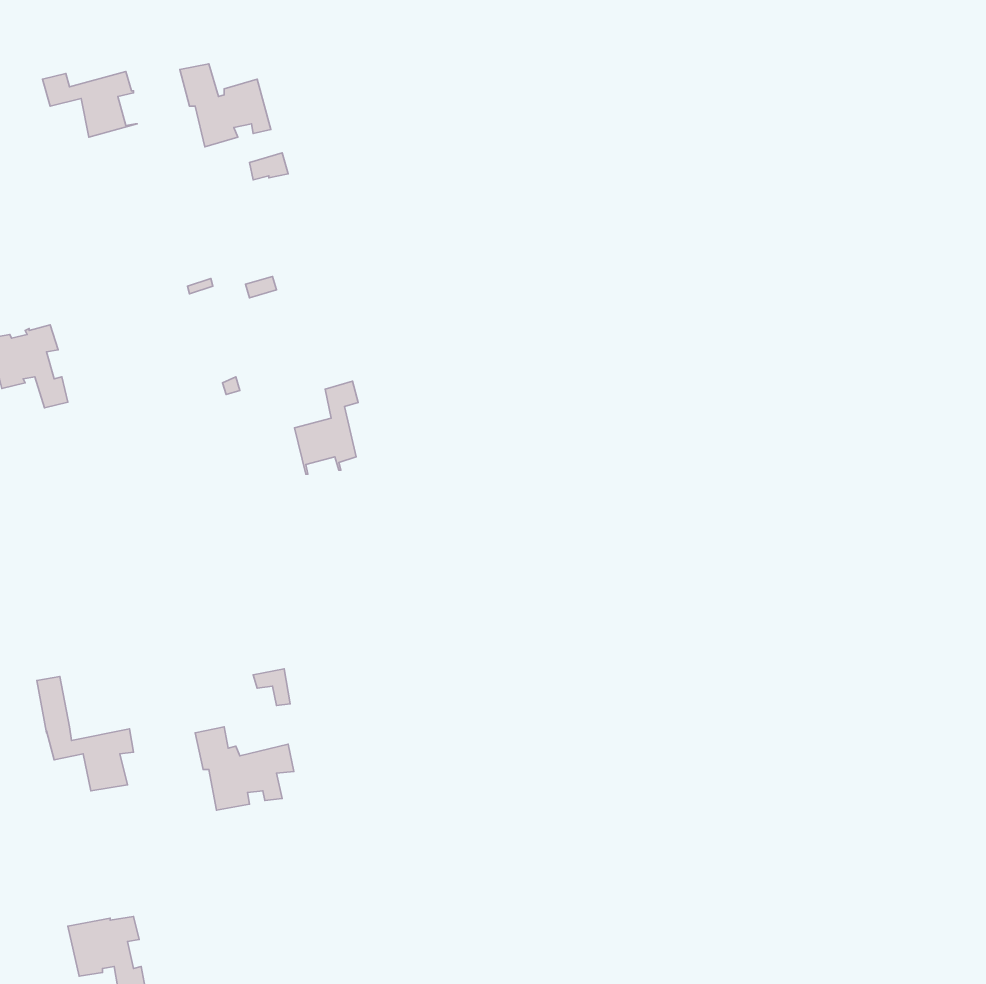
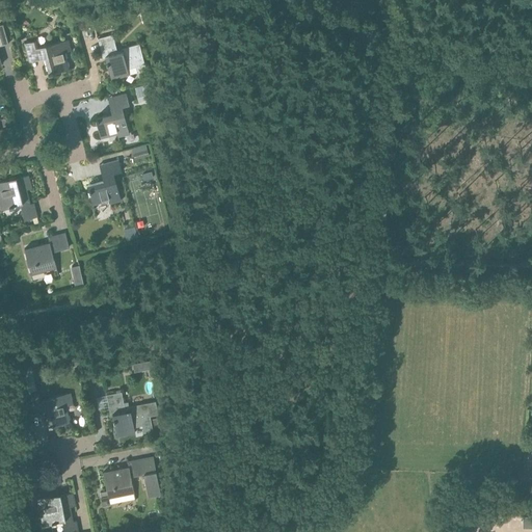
building: none -> [95,95,129,139]
building: [294,381,358,474] -> [86,161,121,211]
building: none -> [24,234,69,284]
building: none -> [101,457,161,509]

